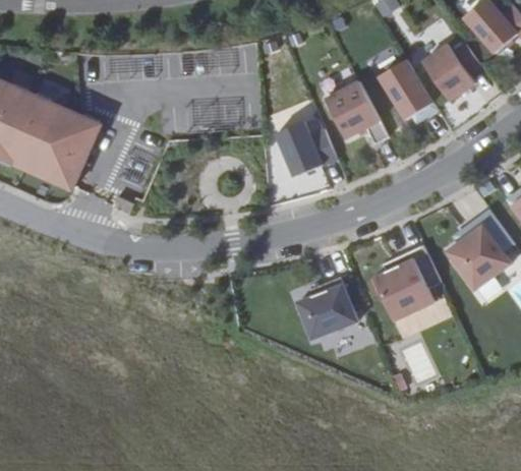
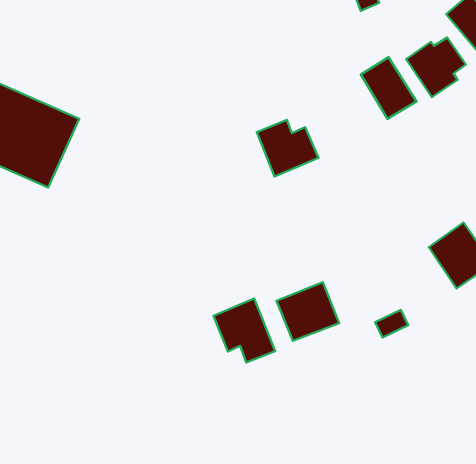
building: [325,80,380,138] -> none
building: [373,260,431,319] -> none
building: none -> [214,298,275,362]

